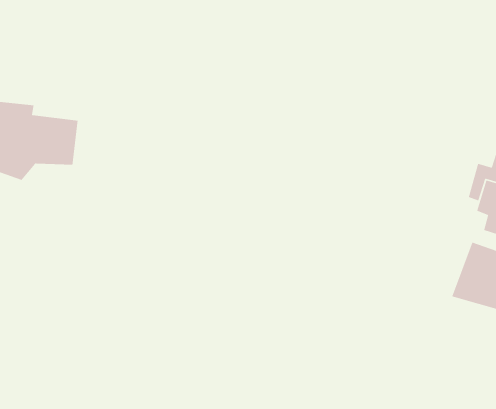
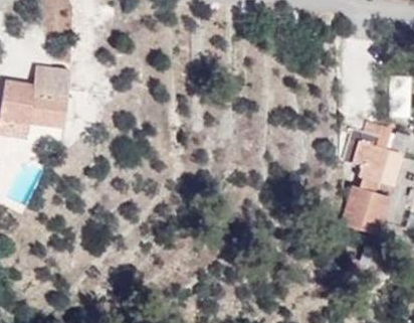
building: none -> [34,61,69,95]

